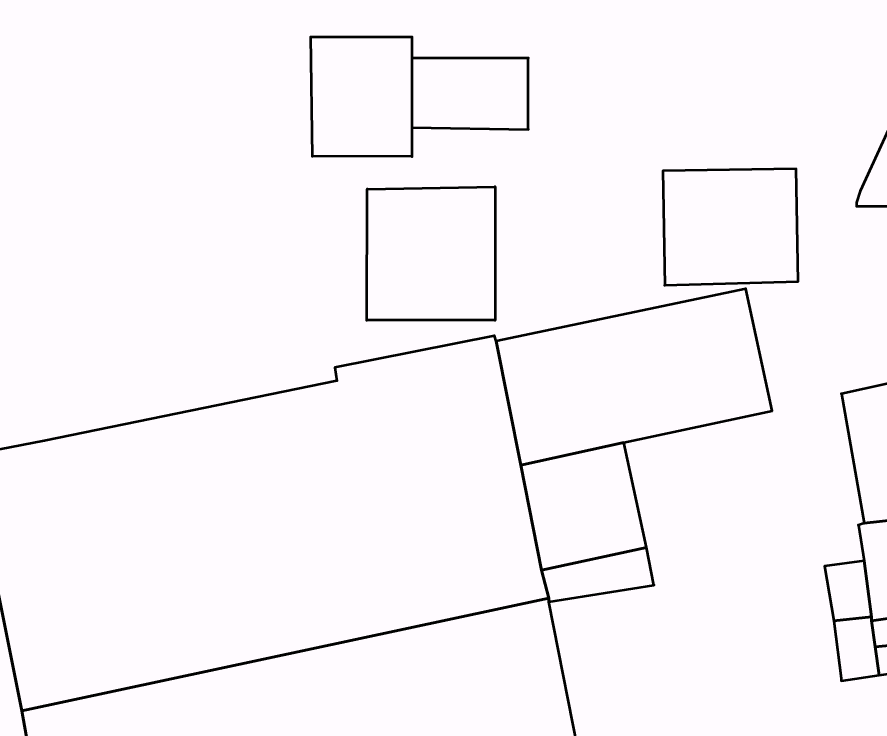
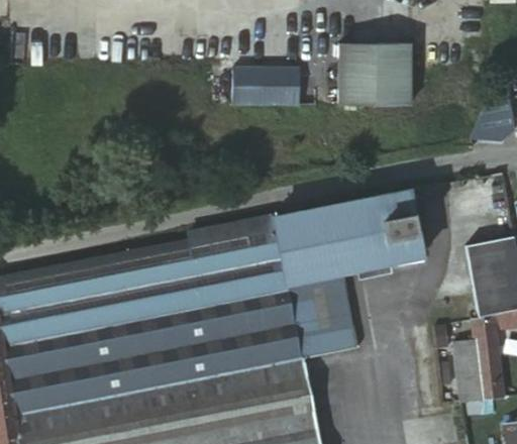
building: [311,37,412,157] -> none
building: [663,169,798,285] -> [338,42,411,105]
building: [367,187,495,320] -> none

